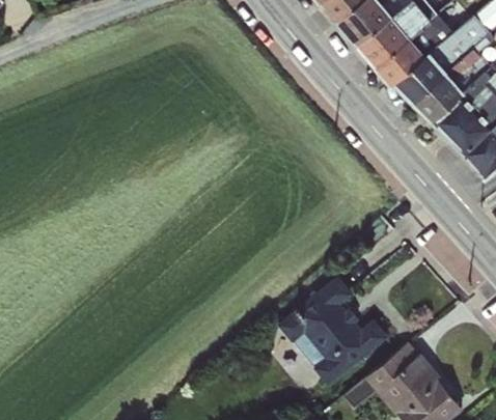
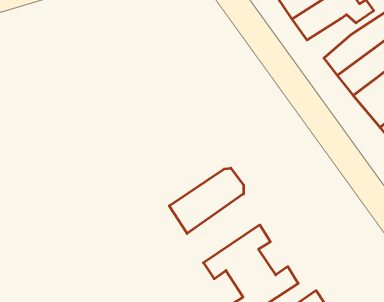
building: [374,39,422,85] -> none
building: none -> [169,168,244,234]

